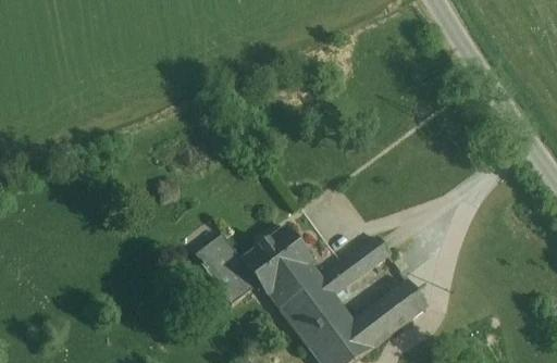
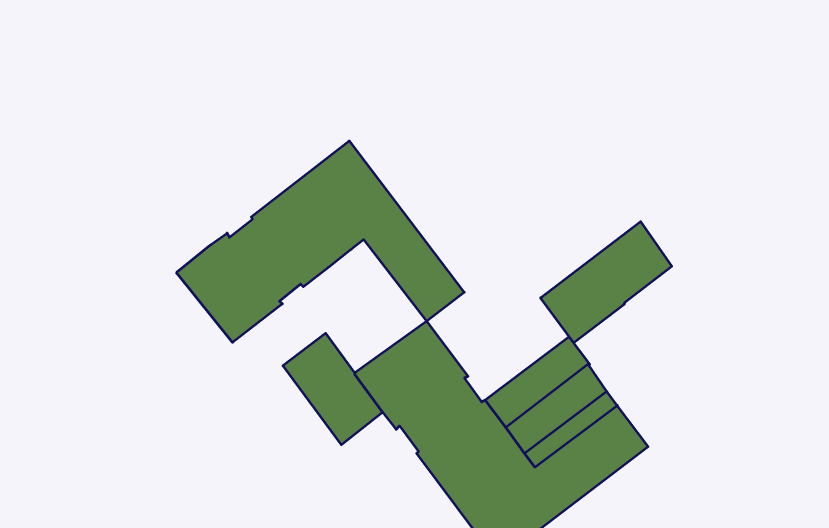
building: none -> [177,141,464,342]
building: none -> [541,222,672,343]

